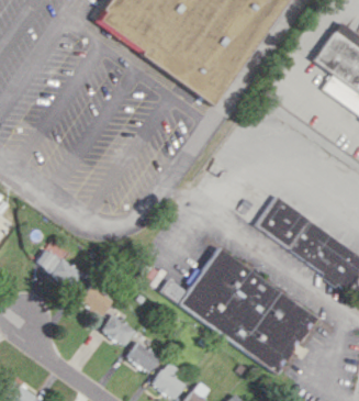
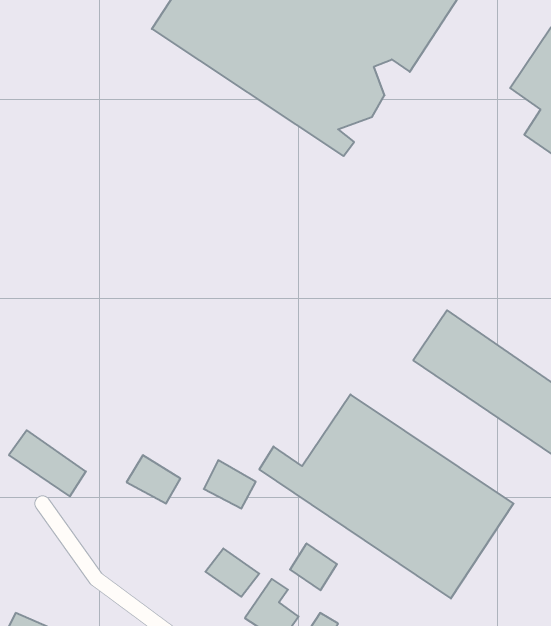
building: [35,247,82,288] -> [9,430,86,496]
building: [102,314,134,344] -> [204,460,256,509]
building: none -> [290,543,337,590]

